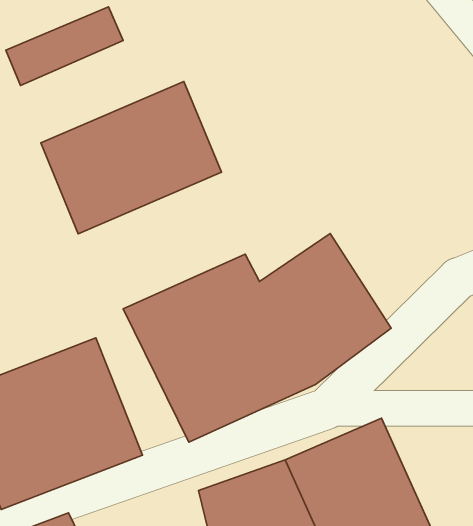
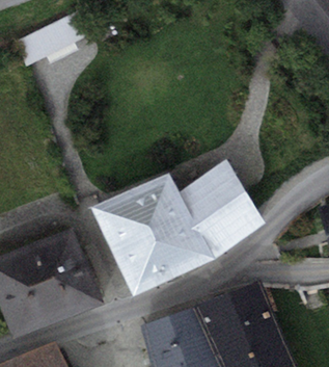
building: [41,81,221,234] -> none

